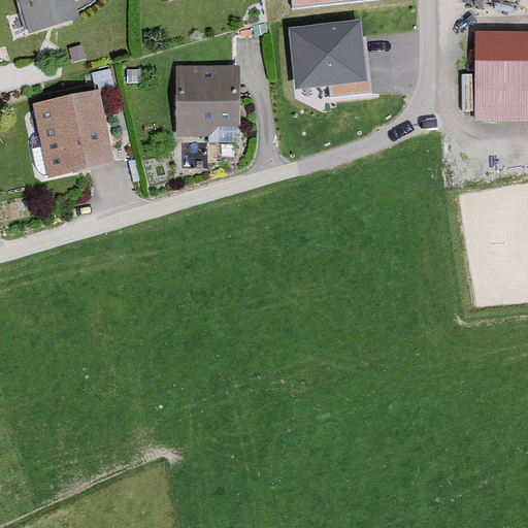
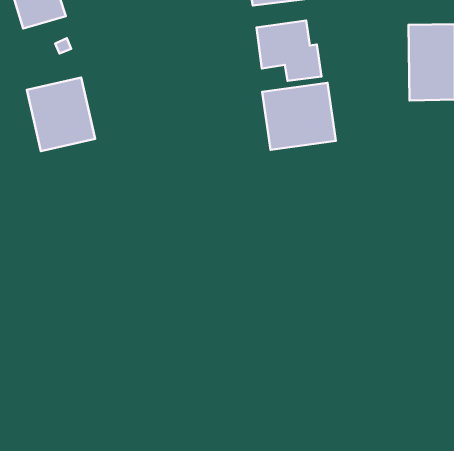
building: [172,64,239,135] -> none
building: none -> [262,83,336,150]

